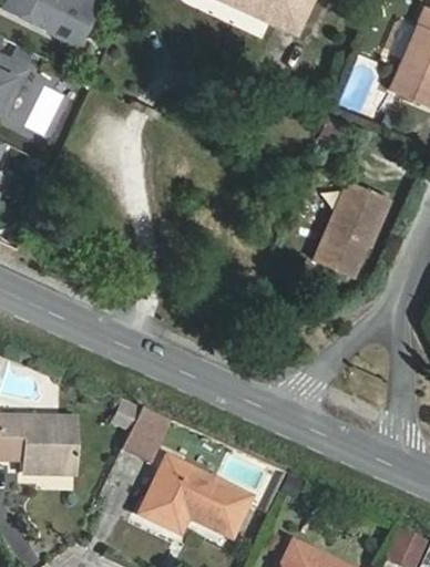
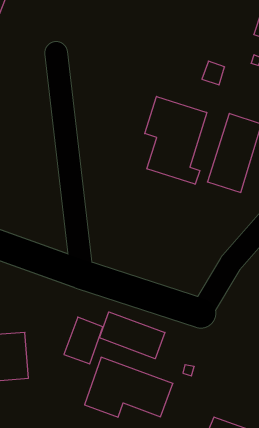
building: none -> [145,96,207,184]
building: none -> [100,312,165,359]

